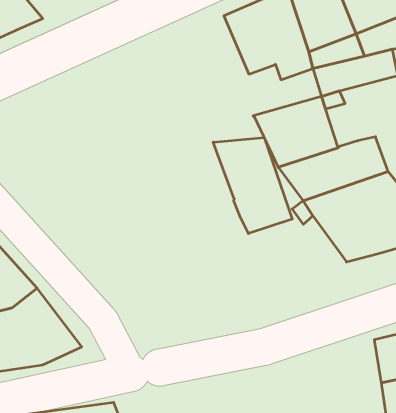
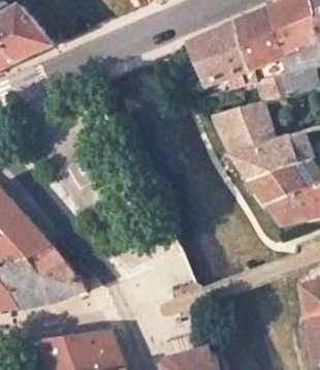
building: [213,138,292,234] -> none

